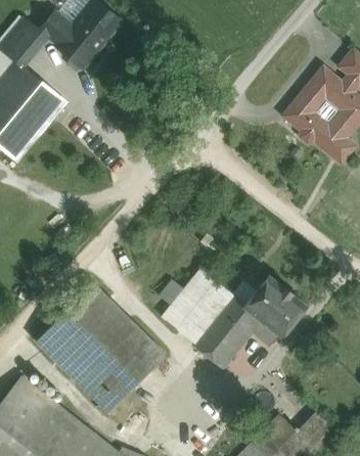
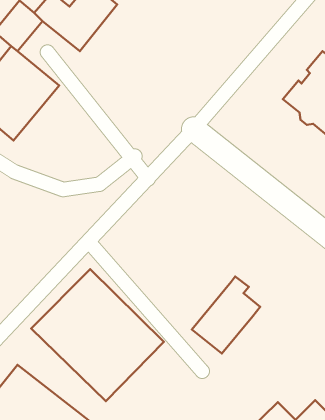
building: [162,269,232,343] -> none
building: [244,277,304,344] -> none

